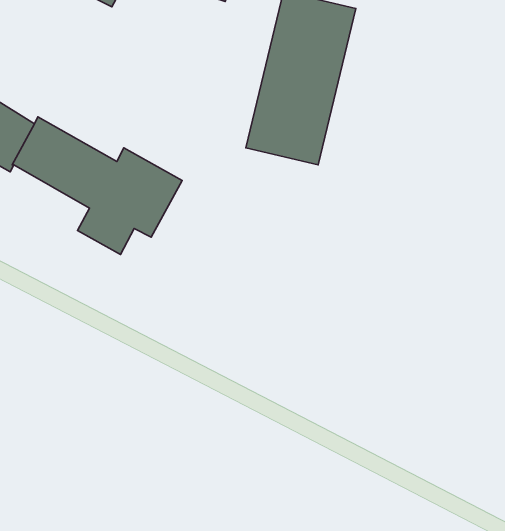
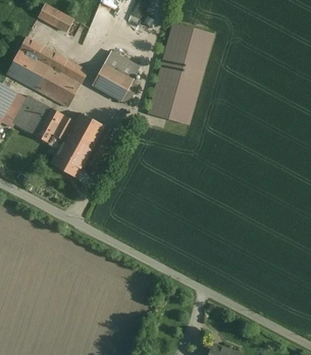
building: none -> [5,35,89,105]
building: none -> [93,49,141,100]

